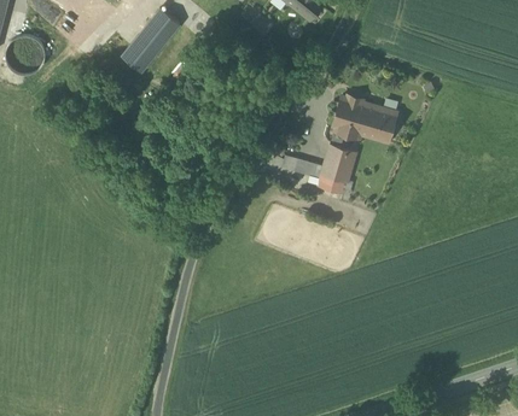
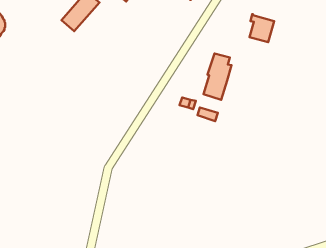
building: [361,104,396,143] -> [249,14,274,42]
building: [322,156,353,182] -> none

